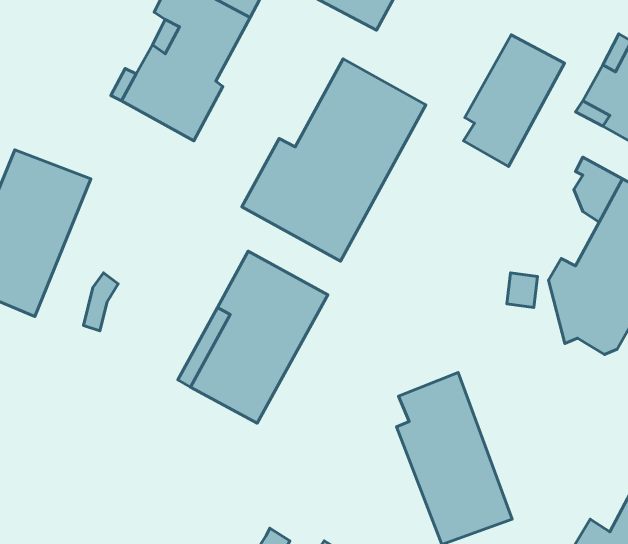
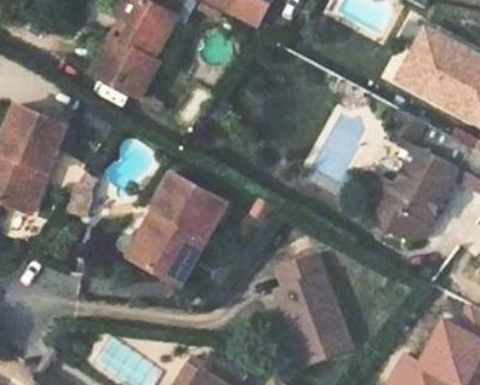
building: [463,35,565,166] -> none
building: [242,59,426,261] -> none

